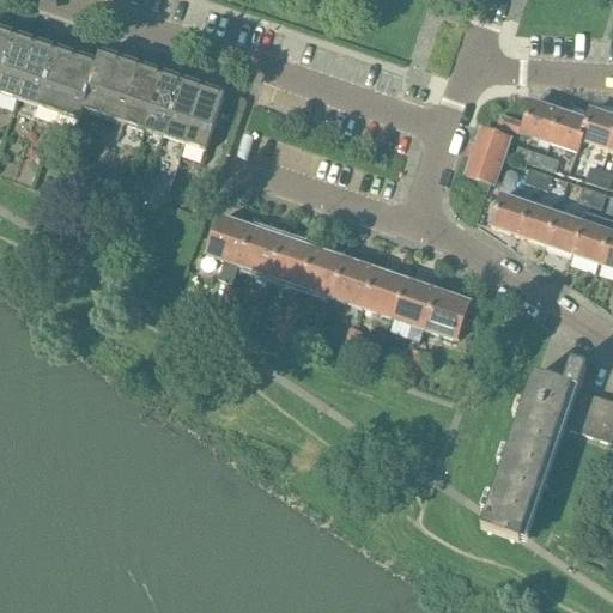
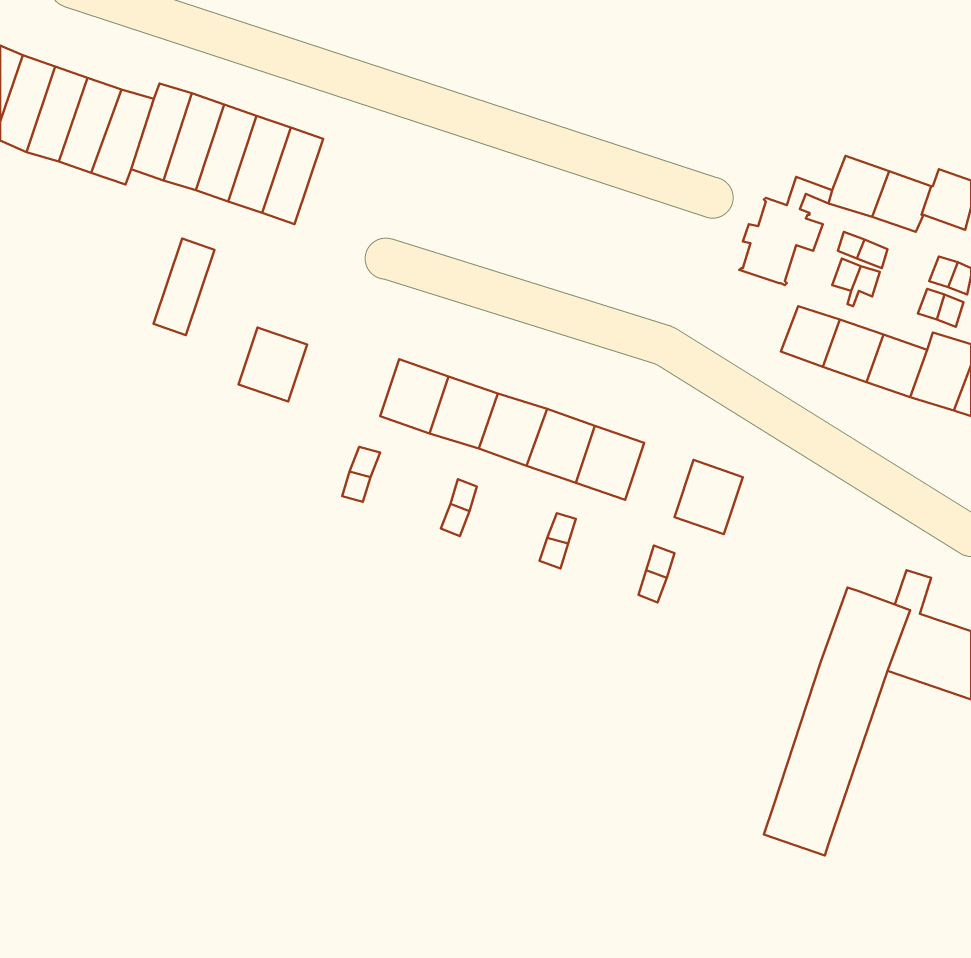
building: [186,87,224,148] -> [154,238,214,335]
building: [208,216,251,262] -> [239,328,307,402]
building: [394,279,437,326] -> none

